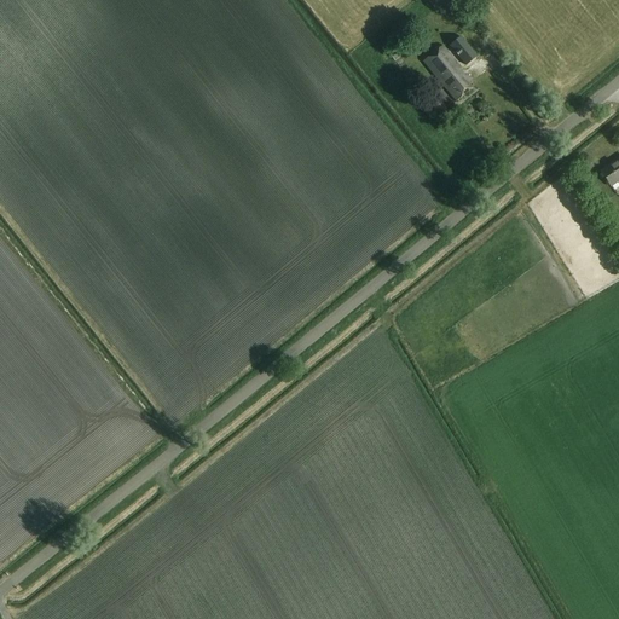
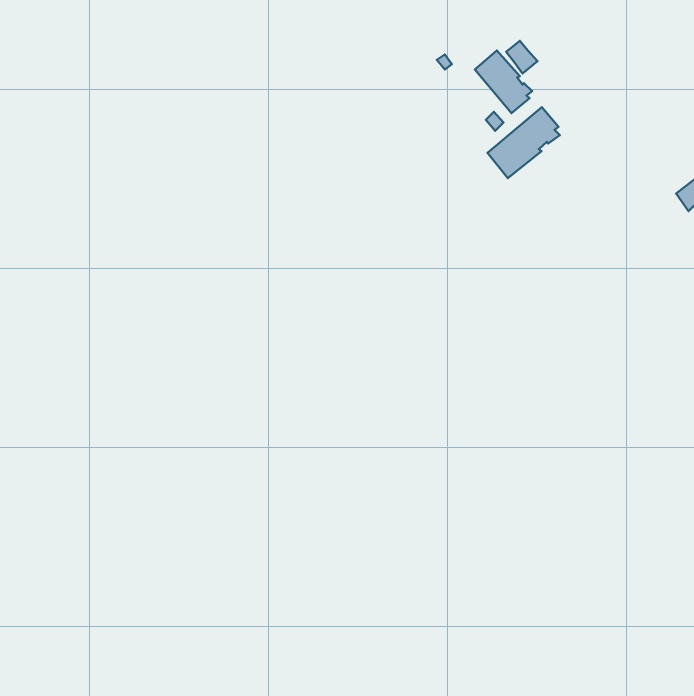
building: none -> [488,107,560,178]

